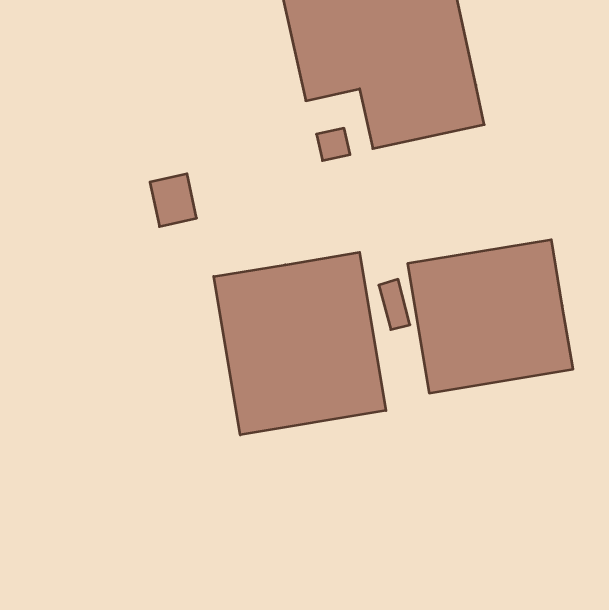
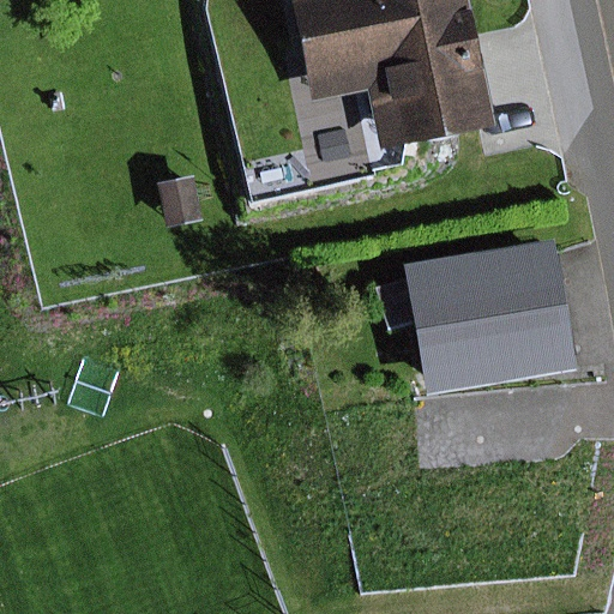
building: [214,252,386,435] -> none

